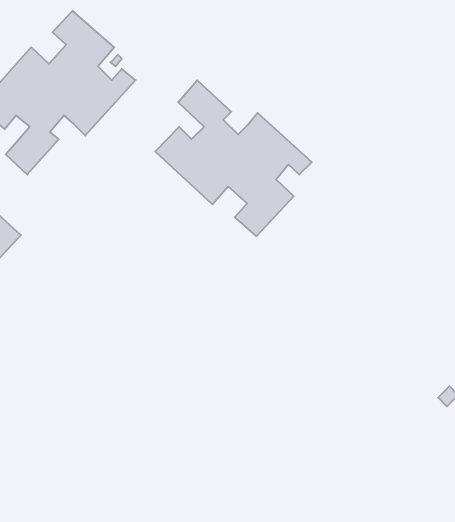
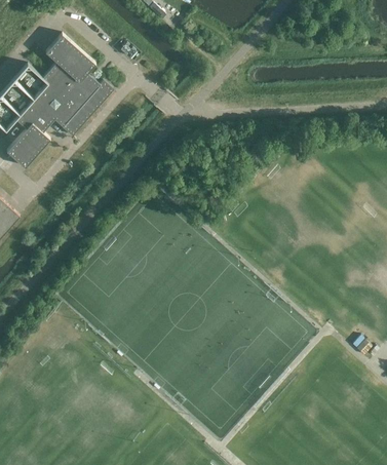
building: [155,80,312,236] -> none

